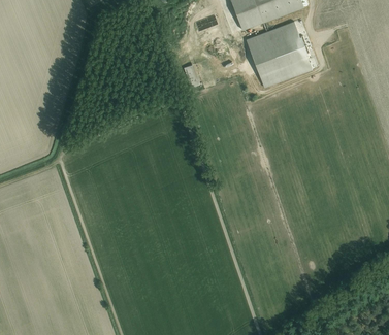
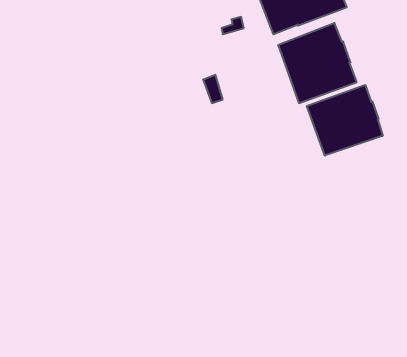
building: none -> [307,85,383,156]

